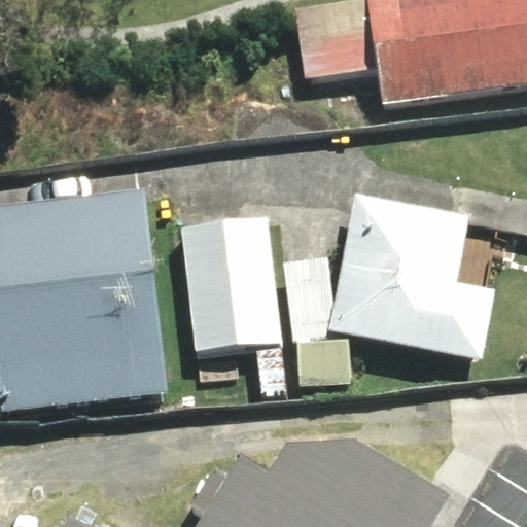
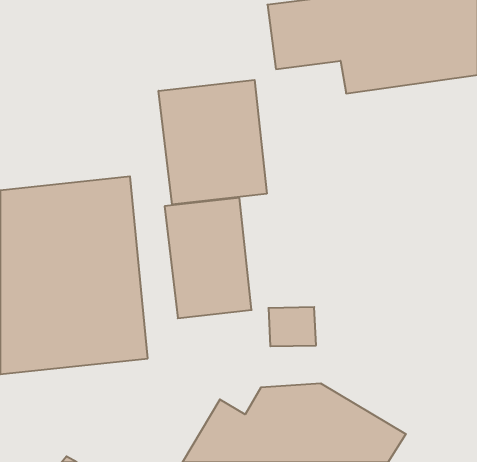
building: none -> [159,80,267,204]
building: [328,196,493,360] -> none

